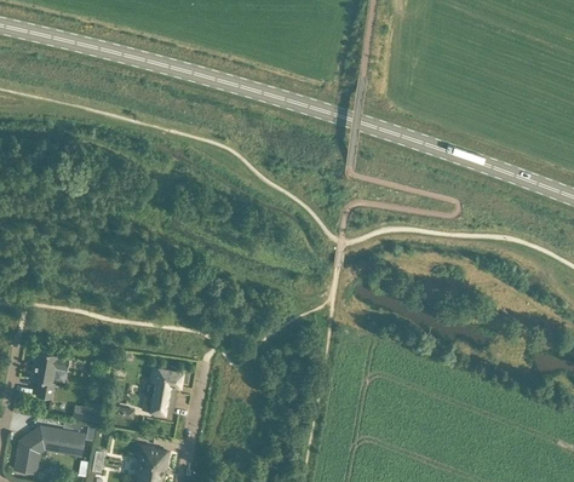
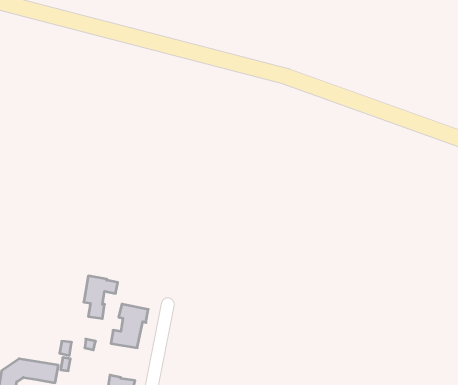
building: [31,350,69,397] -> [84,276,118,319]

